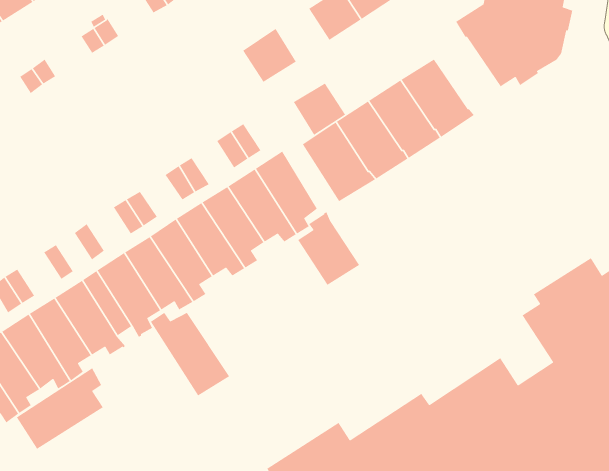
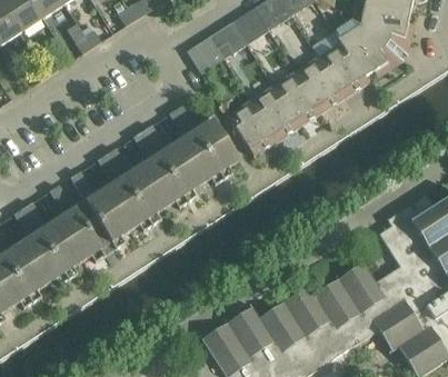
building: none -> [318,40,368,93]
building: [293,83,346,136] -> [209,20,246,57]
building: [297,211,360,286] -> none
building: [150,312,230,397] -> none
building: [16,367,104,450] -> none

